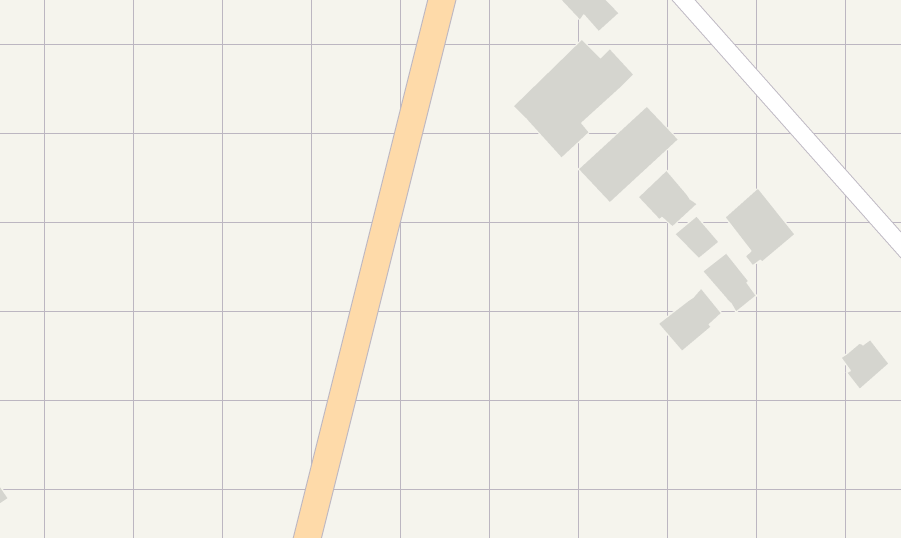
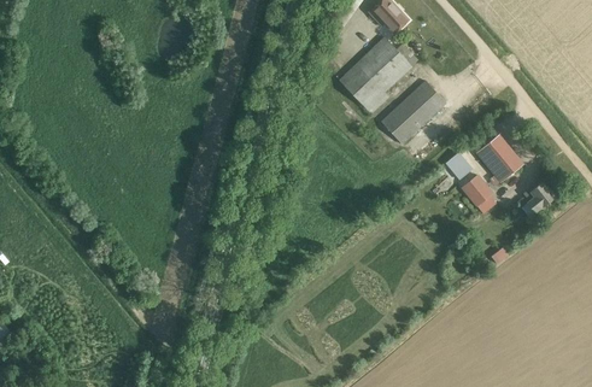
building: [638,170,698,227] -> none
building: [658,288,721,351] -> none
building: [841,339,889,390] -> [523,180,555,212]

